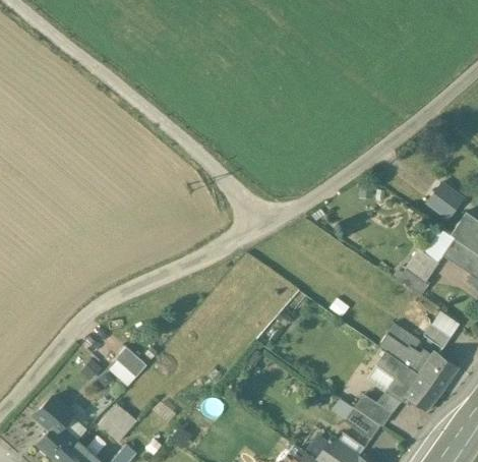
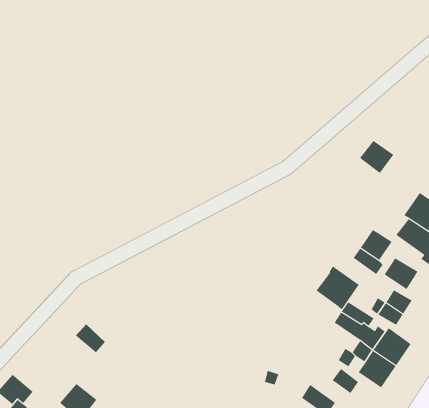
building: [427,182,463,217] -> [359,140,394,174]
building: none -> [384,258,418,290]
building: none -> [316,265,360,310]

